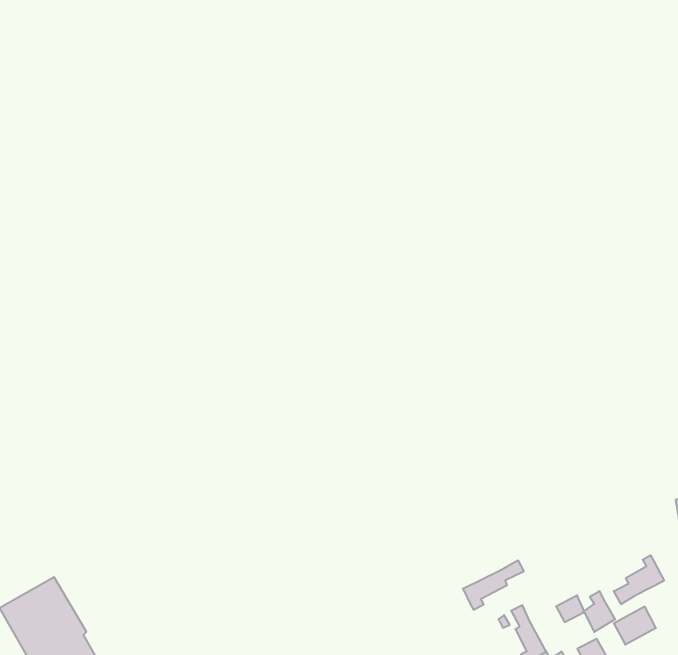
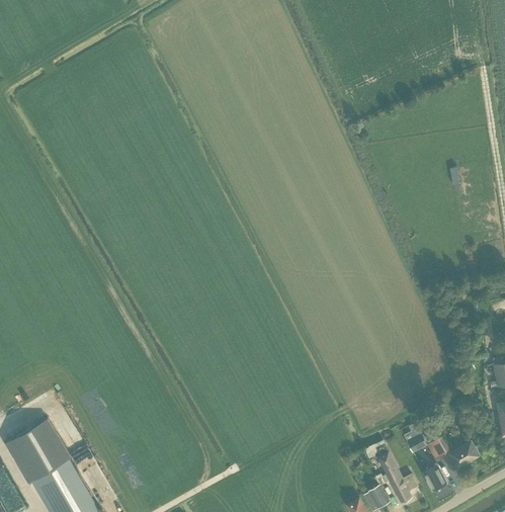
building: [614,555,664,604] -> none
building: [463,560,524,610] -> none

